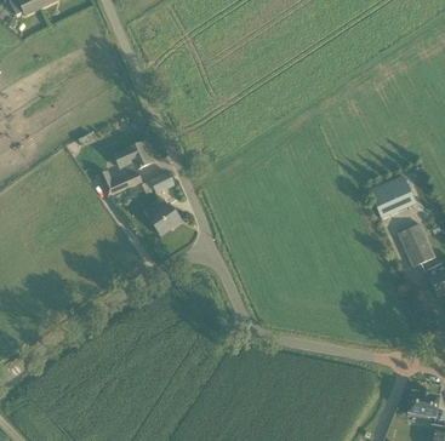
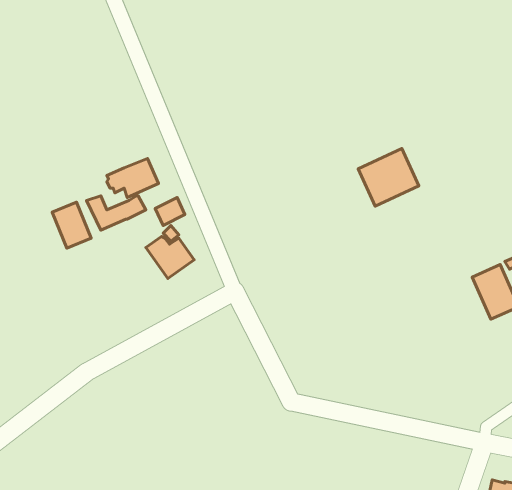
building: [370,174,417,219] -> [358,148,419,206]
building: none -> [52,202,91,248]

